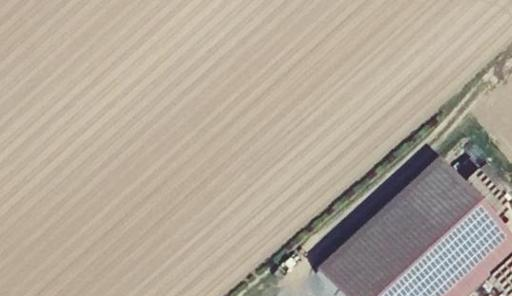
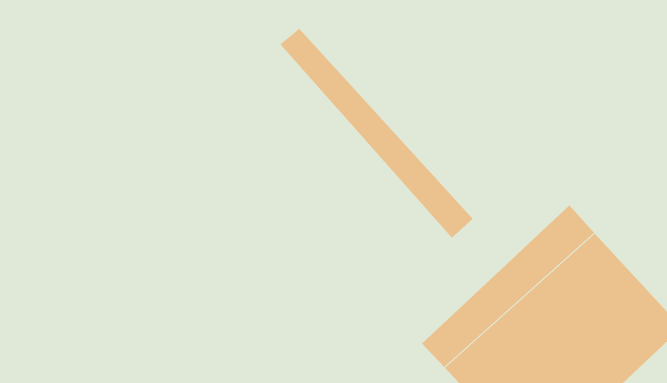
building: none -> [280,28,473,238]

